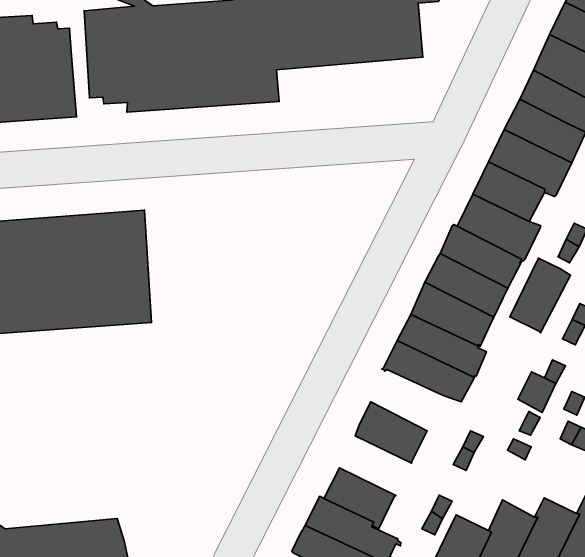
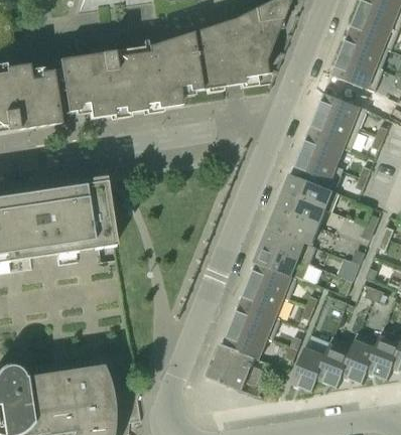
building: [510,258,570,333] -> none
building: none -> [248,263,295,300]
building: none -> [232,304,280,340]

